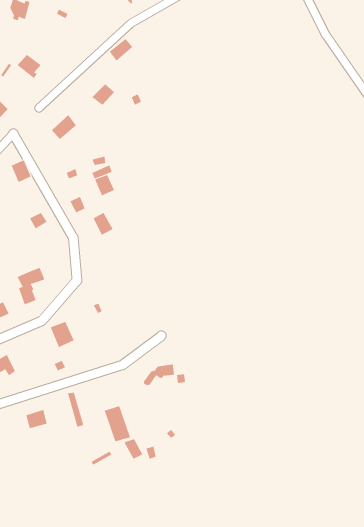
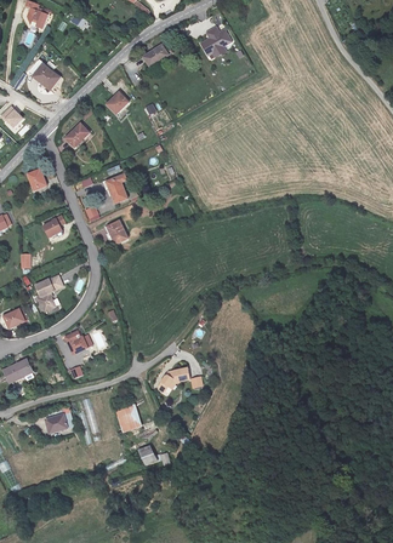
building: none -> [200,25,233,59]

